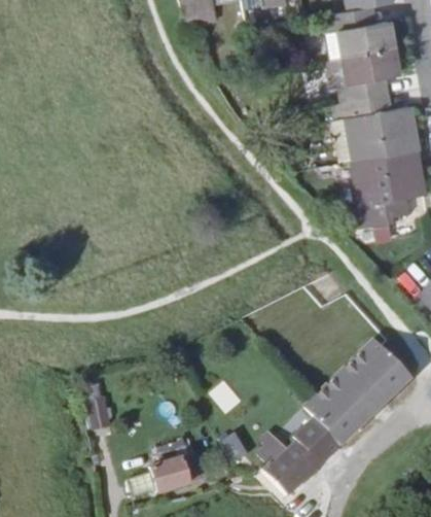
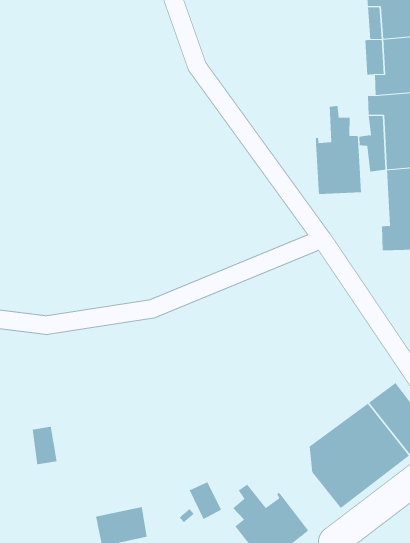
building: none -> [315,105,361,195]
building: [294,393,345,460] -> none

